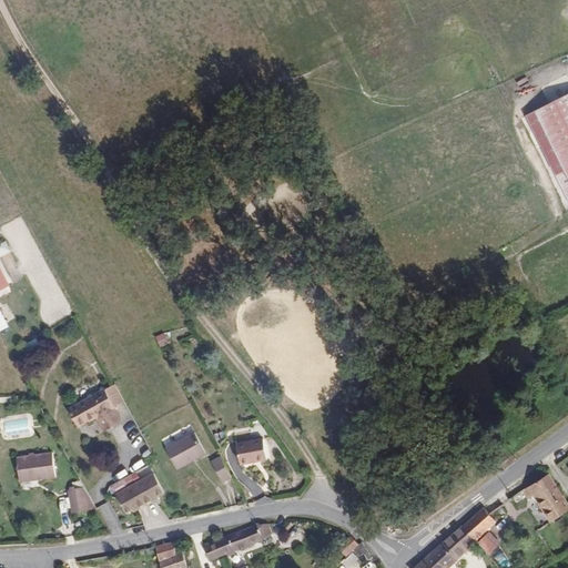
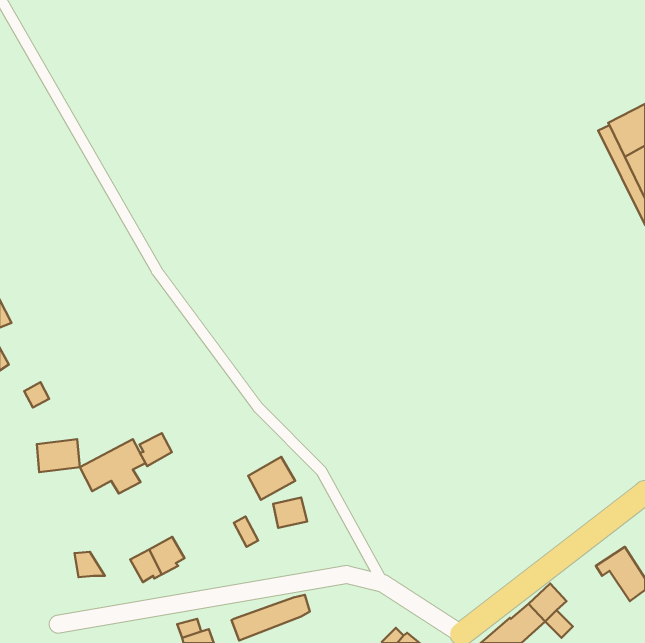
building: none -> [140,433,172,466]
building: [164,428,205,466] -> [248,457,295,500]
building: [13,449,51,478] -> [37,439,80,472]

